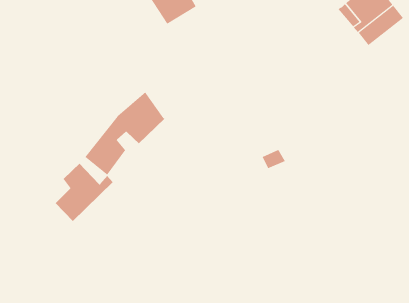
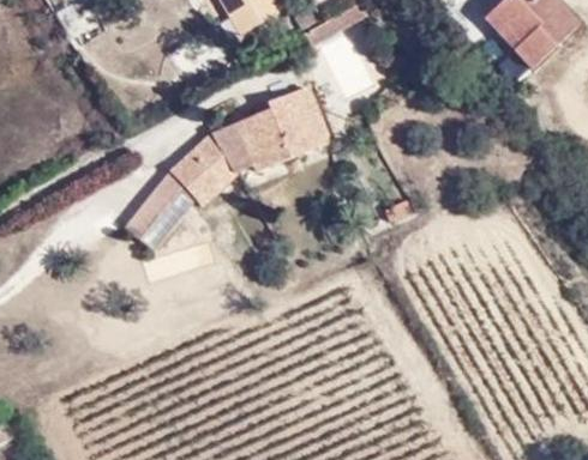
building: none -> [211,87,329,174]
building: [55,163,113,222] -> none

